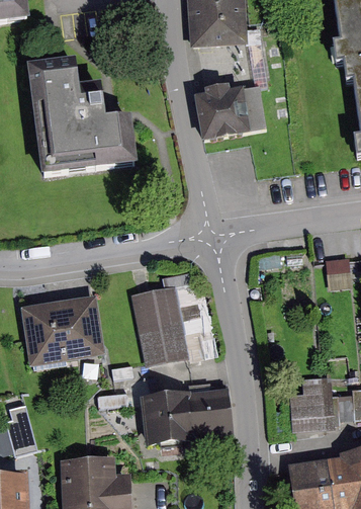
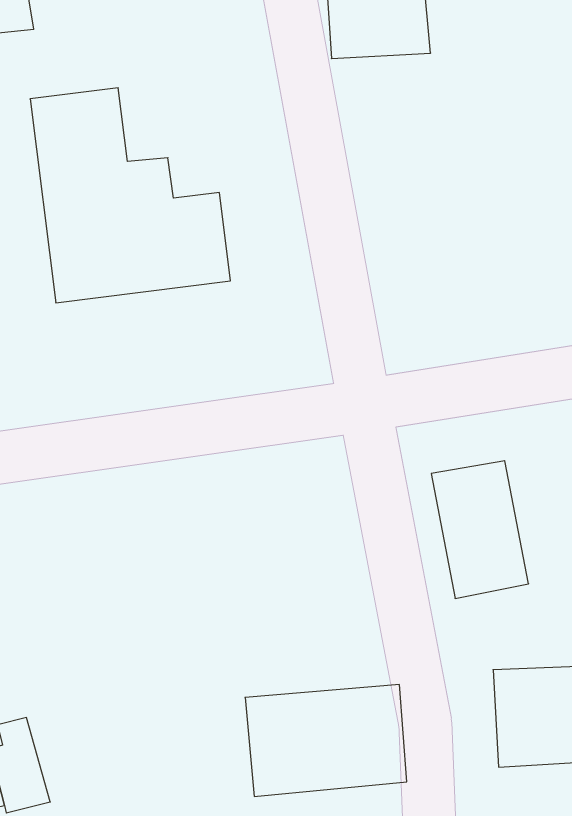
building: [193,87,266,144] -> none
building: [131,286,185,362] -> [431,461,529,598]
building: [24,298,103,362] -> none

